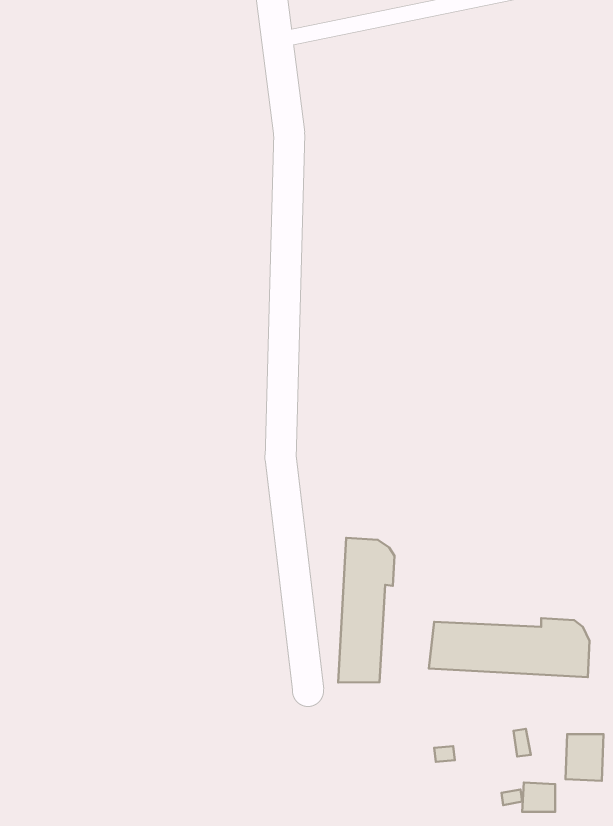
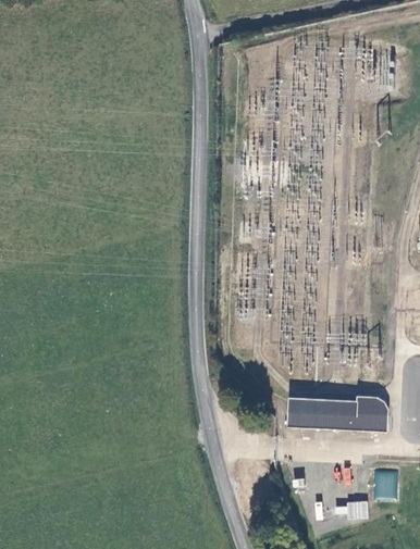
building: [338,538,394,682] -> none

